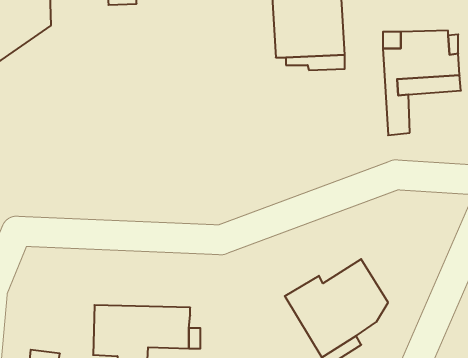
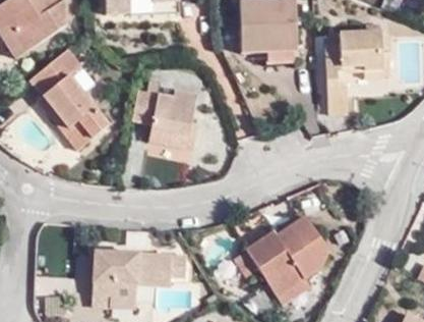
building: none -> [31,51,108,149]
building: none -> [130,89,195,150]

